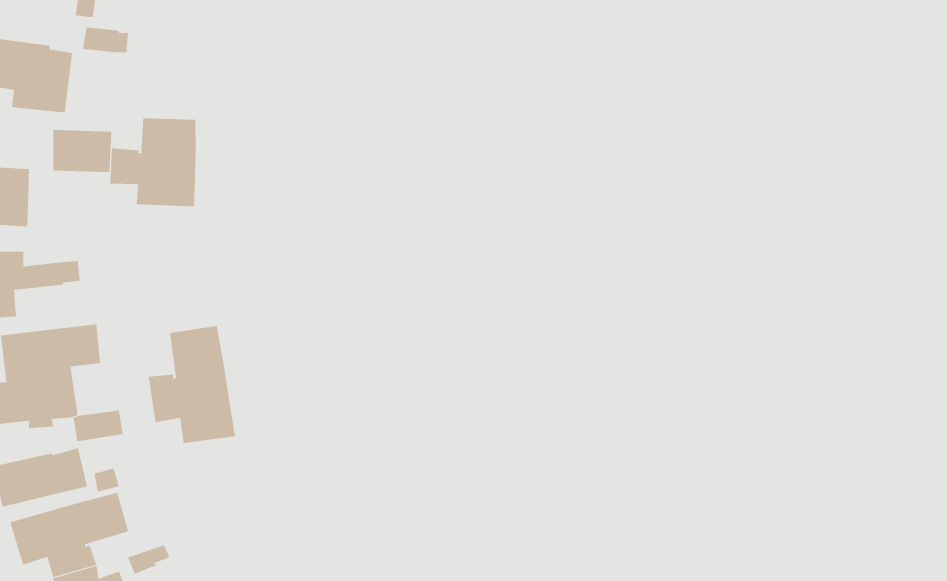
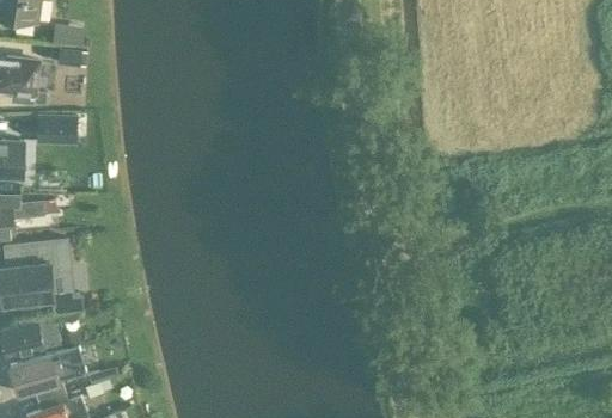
building: [110,118,196,207] -> none
building: [148,325,235,444] -> none

